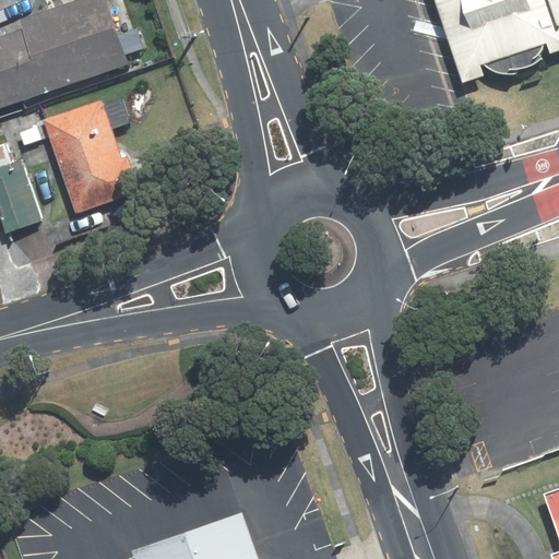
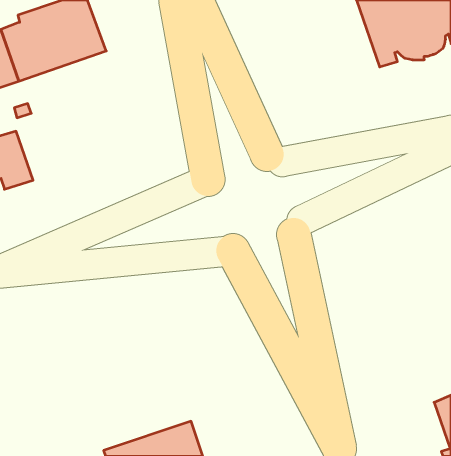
building: [45,99,140,213] -> none

